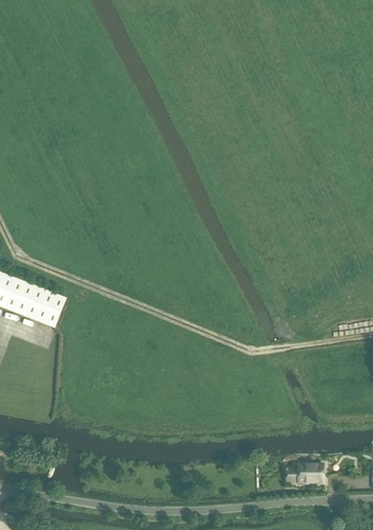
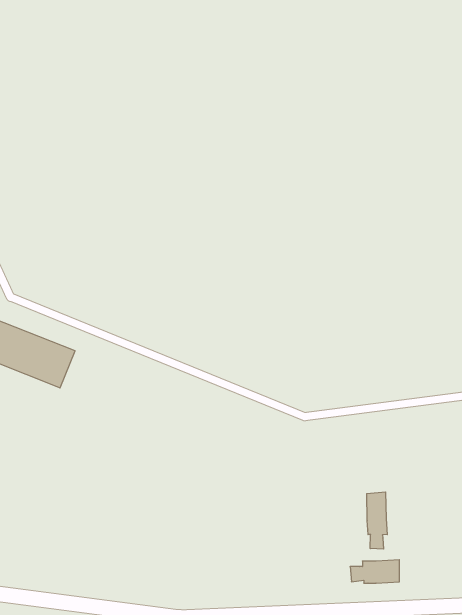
building: none -> [367,492,387,549]

